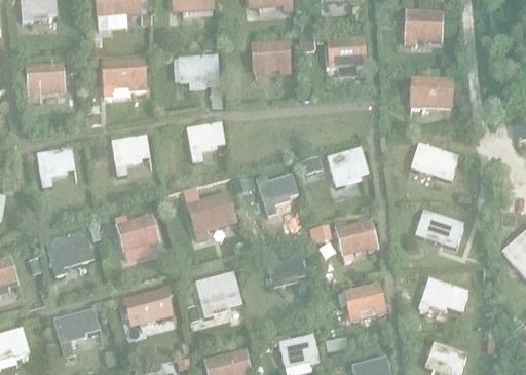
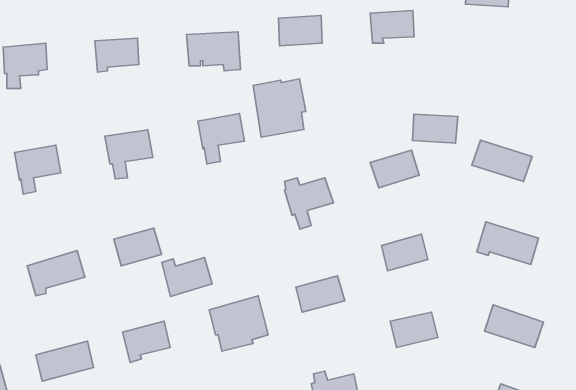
building: [411,79,448,103] -> [413,114,458,143]
building: none -> [253,79,306,137]
building: [187,196,228,228] -> [162,258,212,296]

